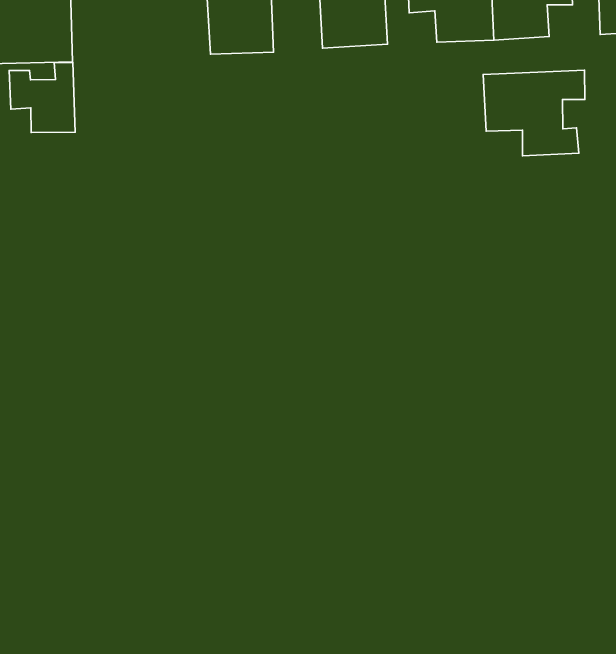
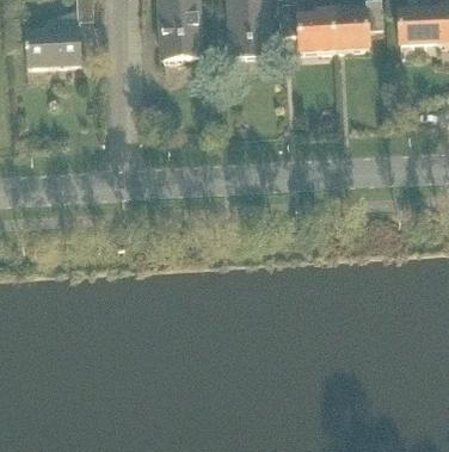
building: [9,62,75,133] -> none
building: [483,70,585,156] -> none

